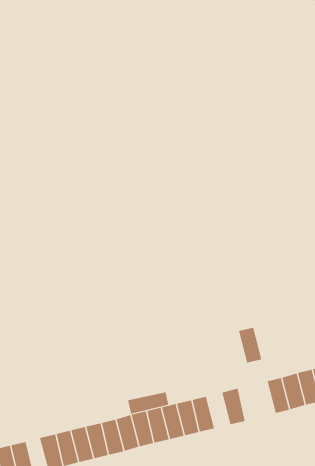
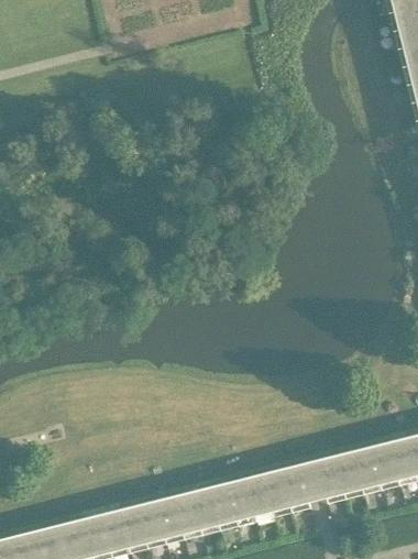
building: [238,327,262,363] -> [315,457,343,500]
building: [127,391,169,414] -> none
building: none -> [262,470,289,513]

